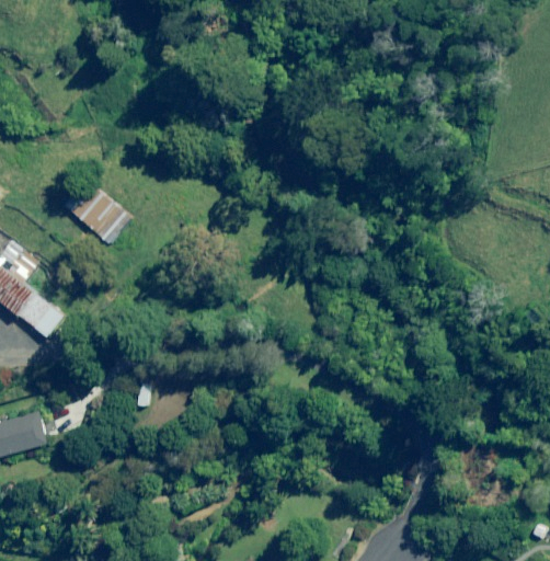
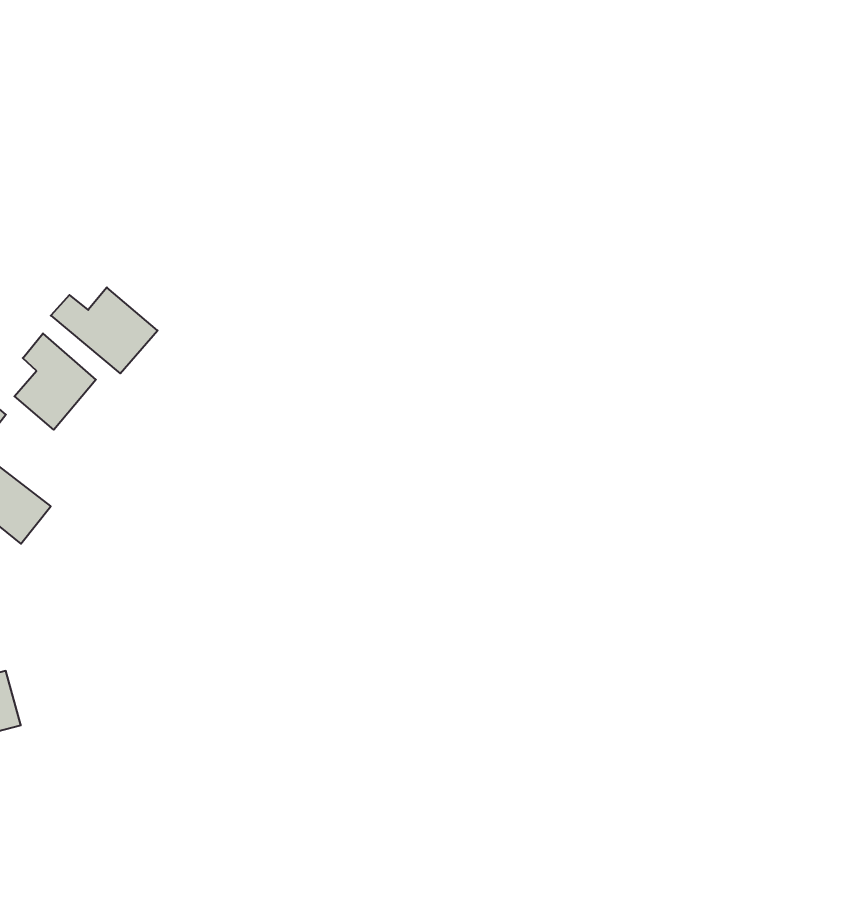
building: none -> [14,333,96,430]

